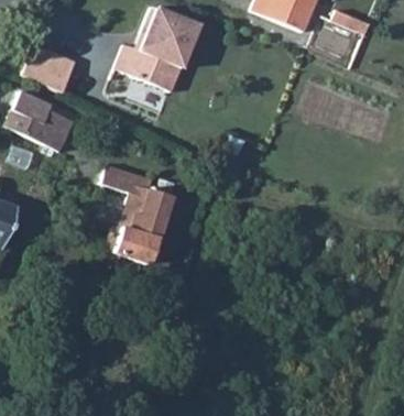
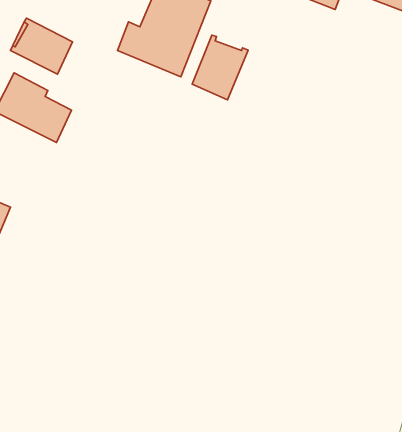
building: none -> [192,35,248,100]
building: [111,177,179,272] -> none

